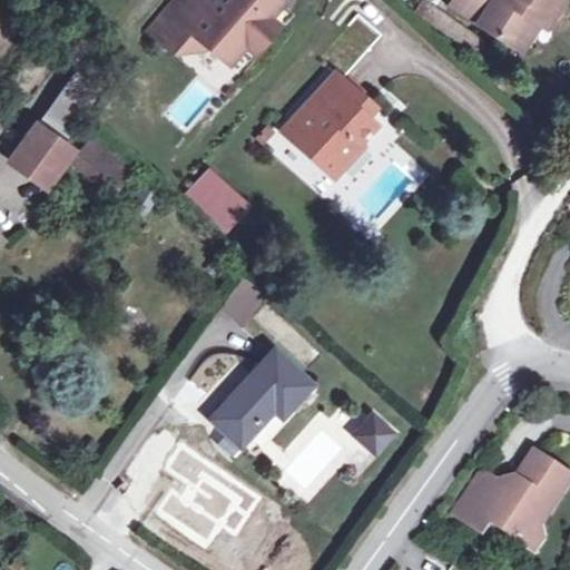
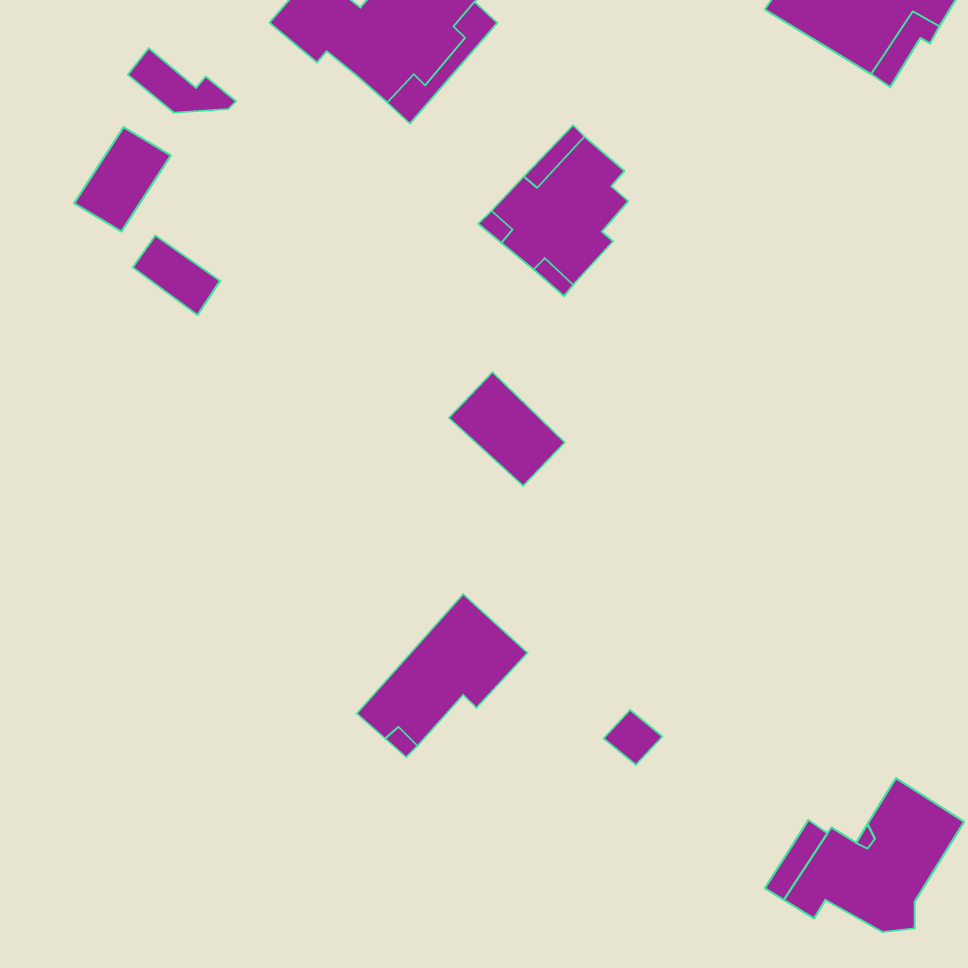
building: [147,13,210,51] -> [128,48,236,113]
building: [13,126,69,181] -> none
building: [186,165,254,232] -> [449,372,565,486]

